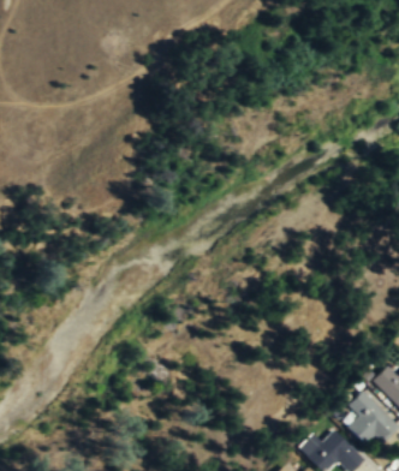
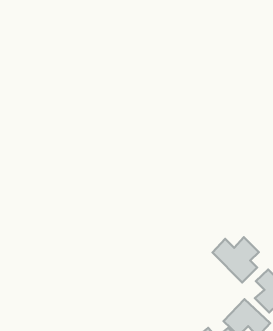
building: none -> [213,237,259,282]

